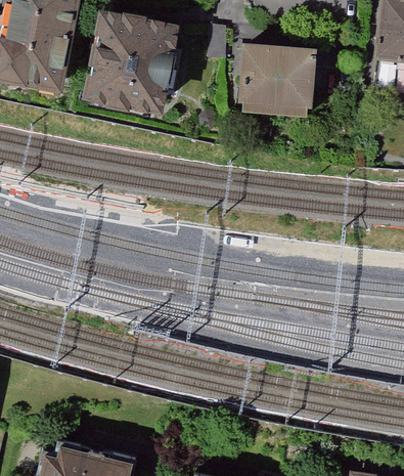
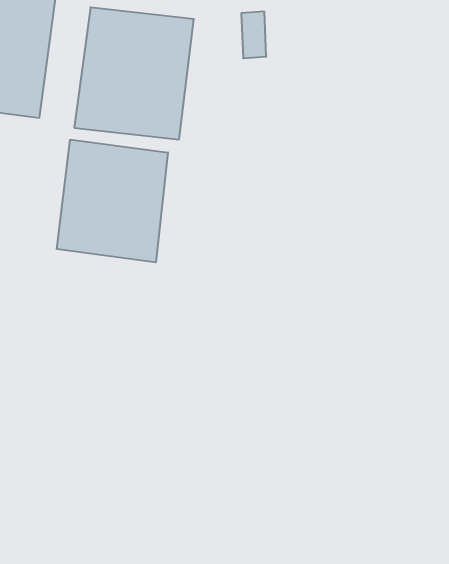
building: [242,45,316,113] -> none
building: none -> [57,140,168,262]

